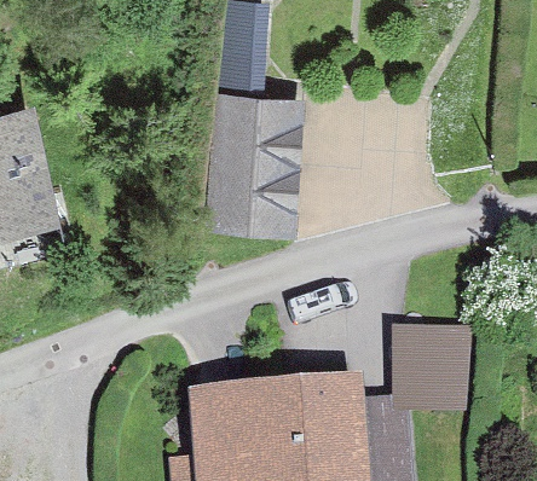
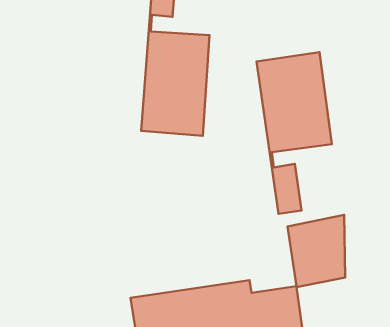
building: none -> [257,52,332,214]

